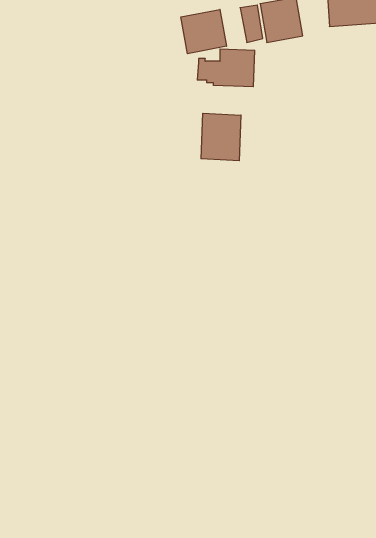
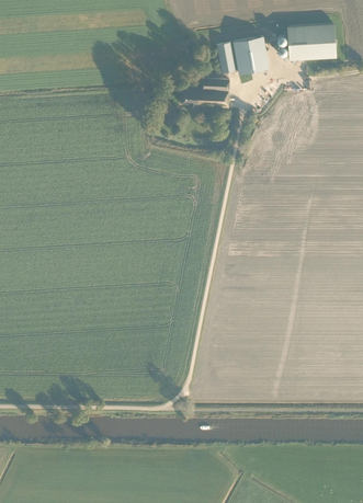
building: [181,9,226,54] -> none
building: [201,113,241,161] -> none

